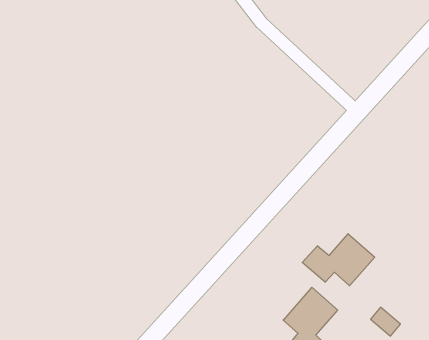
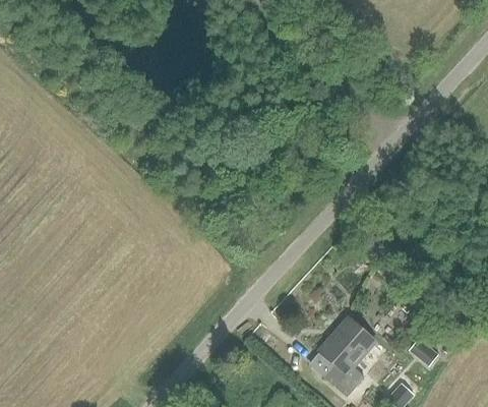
building: [302,234,375,286] -> none

